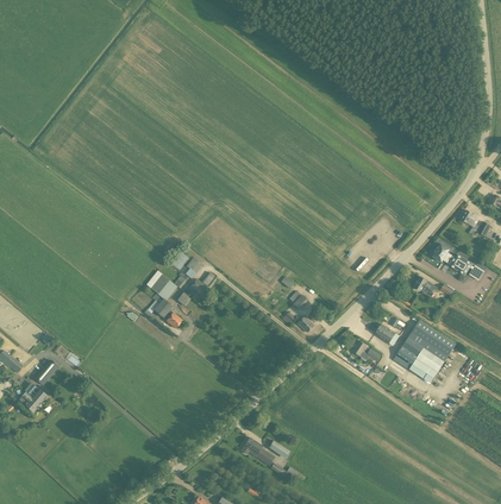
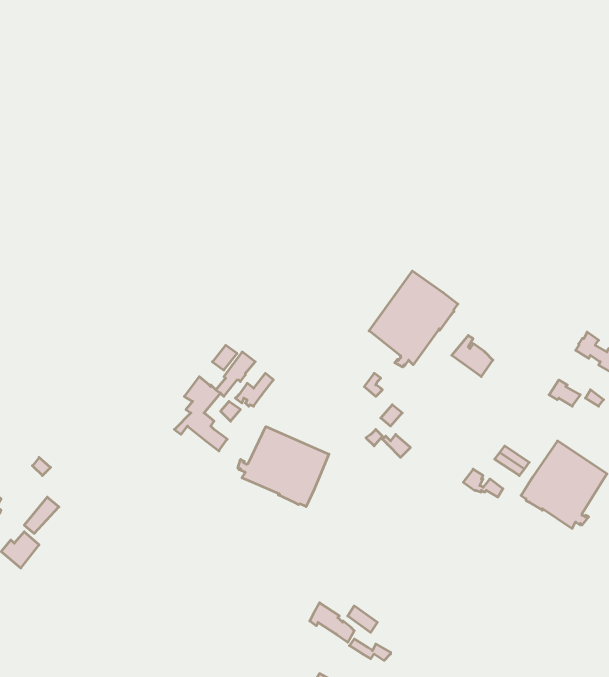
building: none -> [369,271,458,367]
building: none -> [238,427,329,507]

